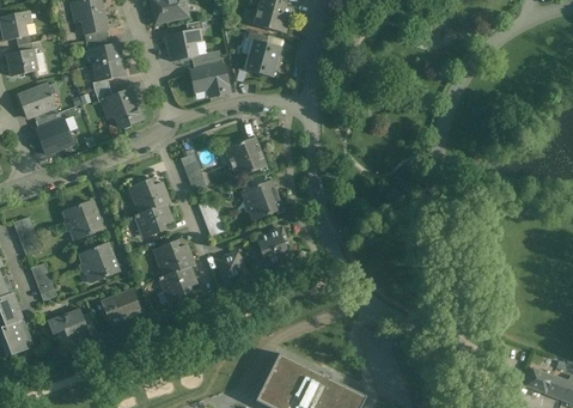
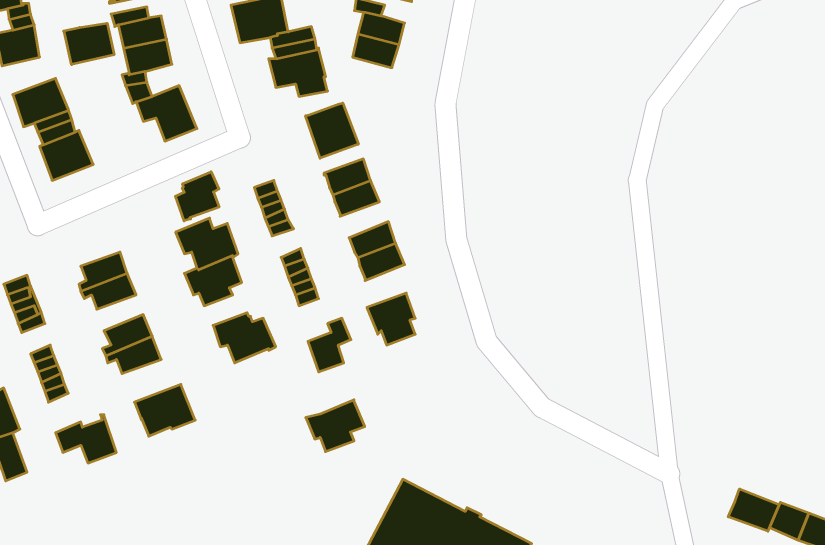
building: none -> [64,23,114,65]
building: none -> [306,103,358,158]
building: none -> [175,172,219,221]
building: [157,266,196,300] -> [306,400,365,452]
building: none -> [728,489,779,531]

